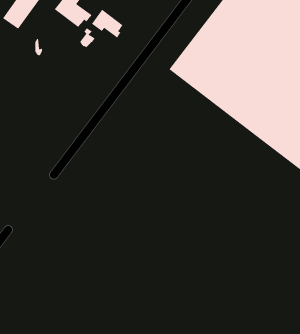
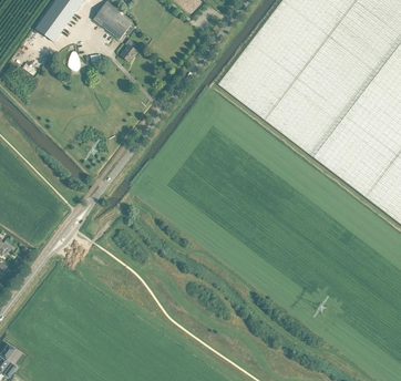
building: [91,9,123,39] -> none

